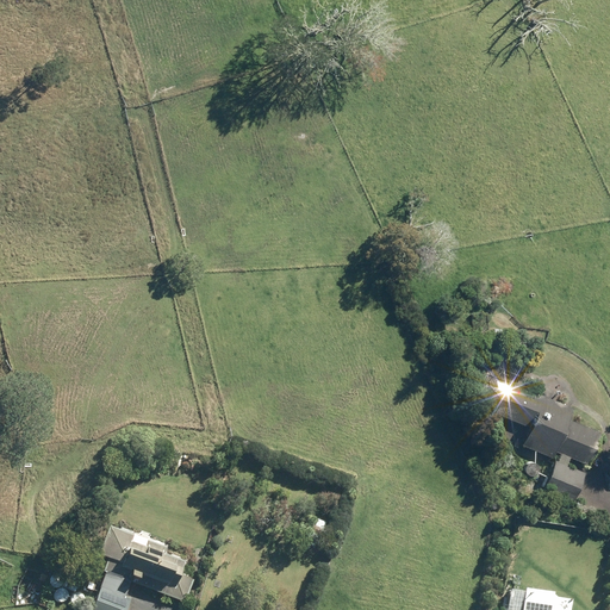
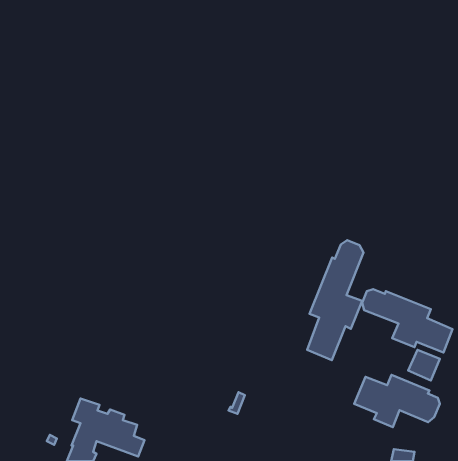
building: none -> [307,240,364,360]
building: none -> [354,375,440,427]

